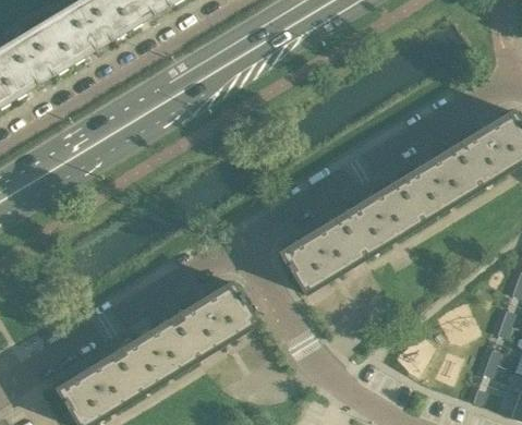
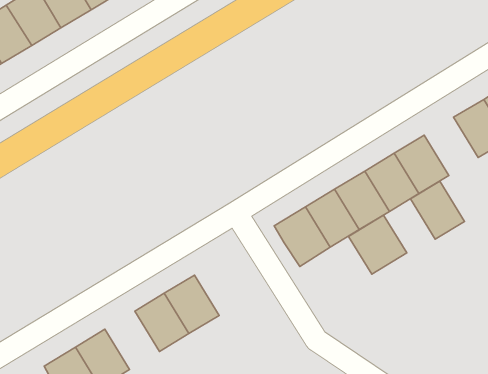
building: [424,146,476,203] -> [411,181,464,239]
building: none -> [348,215,407,274]
building: [201,280,254,339] -> none
building: [113,335,167,391] -> none

